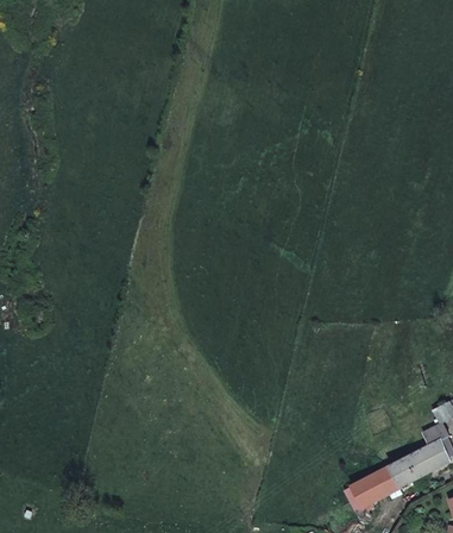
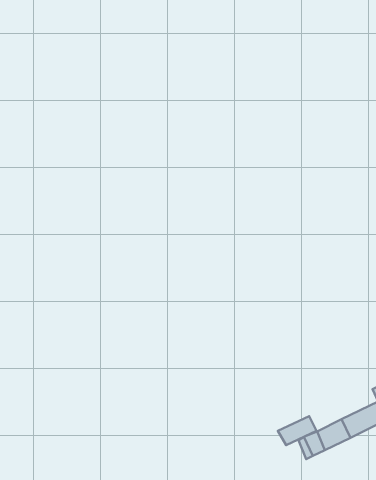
building: none -> [278,416,317,445]

